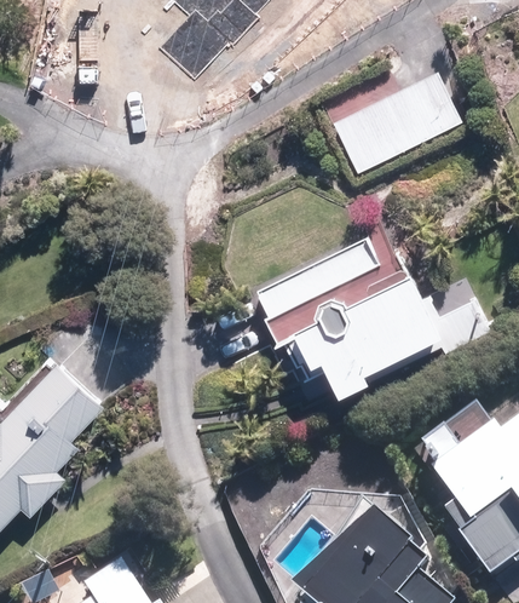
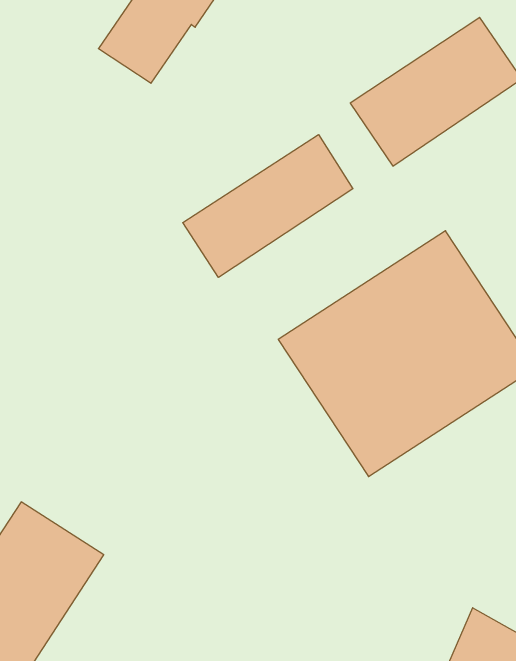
building: none -> [183,135,353,277]

